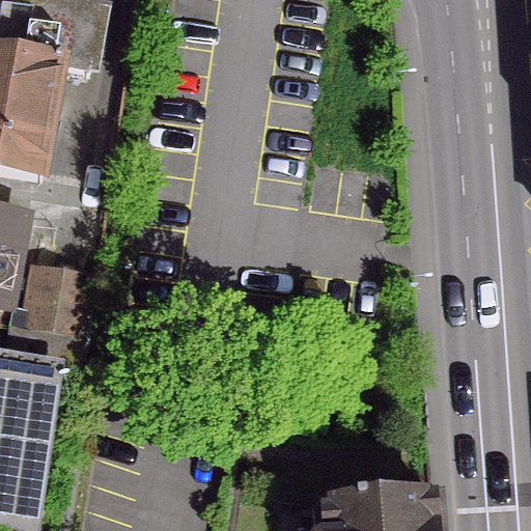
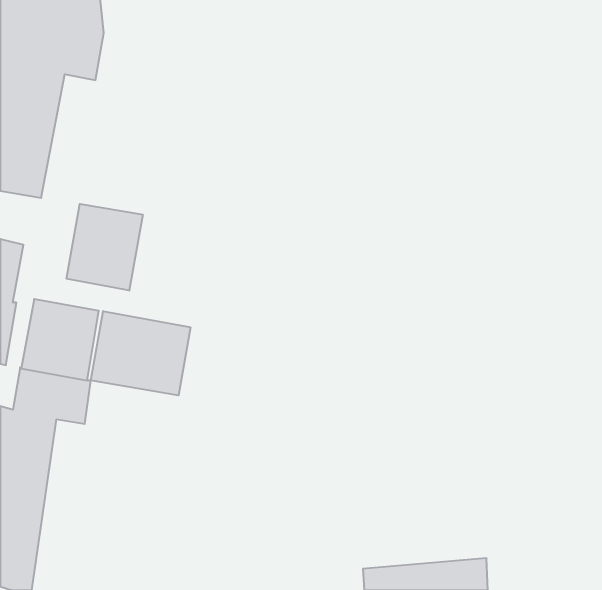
building: none -> [67,204,143,291]
building: none -> [91,311,190,395]

